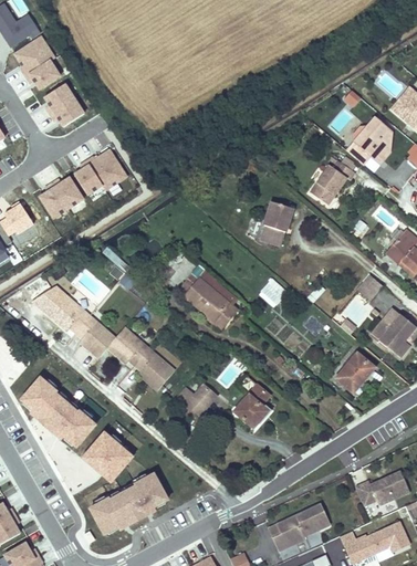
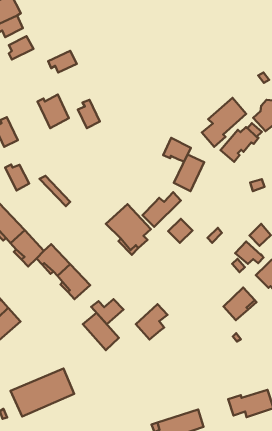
building: [49,97,83,125] -> [48,51,77,73]
building: none -> [202,98,246,147]
building: [73,159,101,193] -> [78,100,100,128]
building: [51,177,82,208] -> [5,165,29,190]
building: none -> [163,138,191,162]
building: none -> [142,192,181,227]
building: none -> [83,313,119,350]
building: [85,433,134,482] -> none

